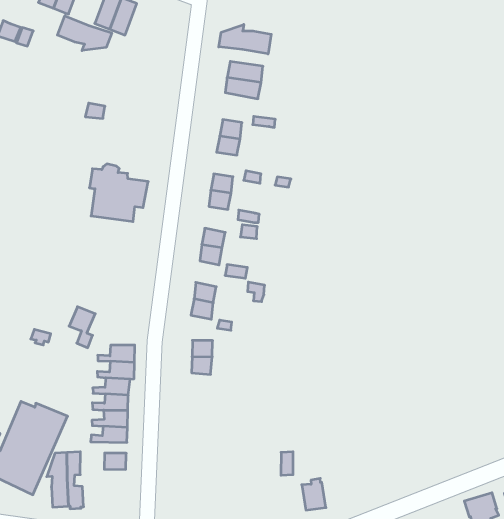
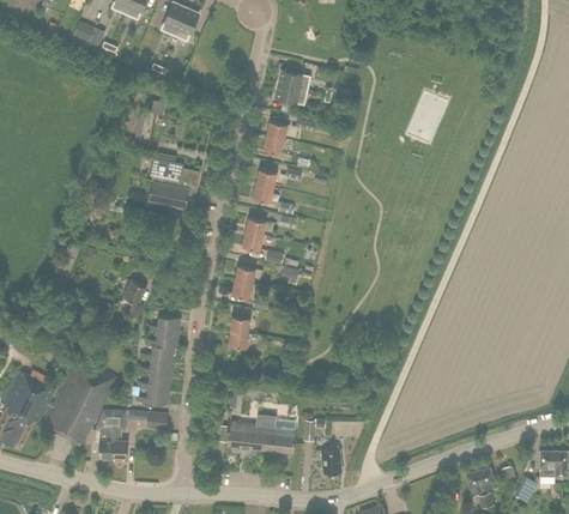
building: [57,16,112,51] -> none
building: [219,24,271,54] -> none
building: none -> [225,415,296,452]

